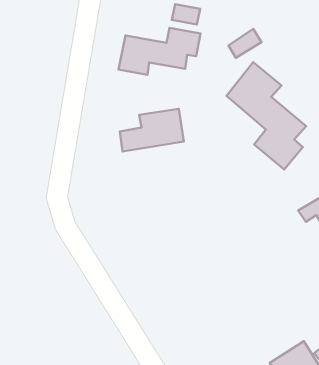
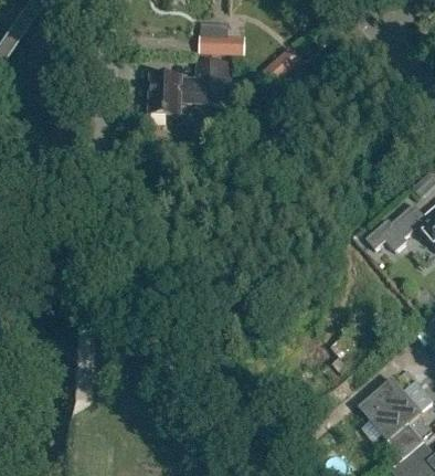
building: [226,62,306,170] -> none
building: [120,109,184,151] -> none

